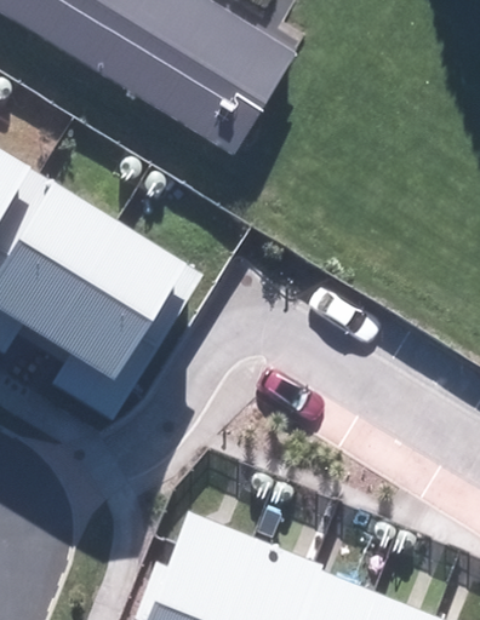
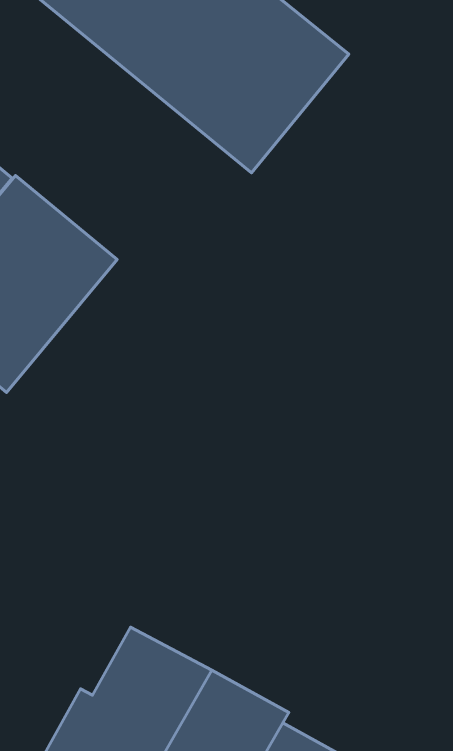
building: [63,232,211,421] -> none

